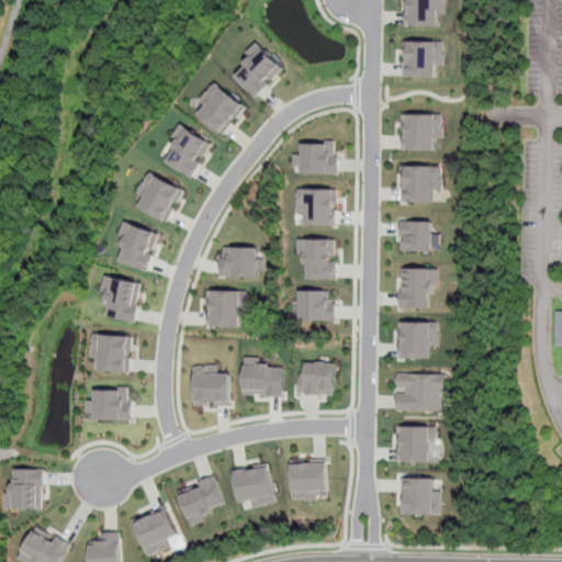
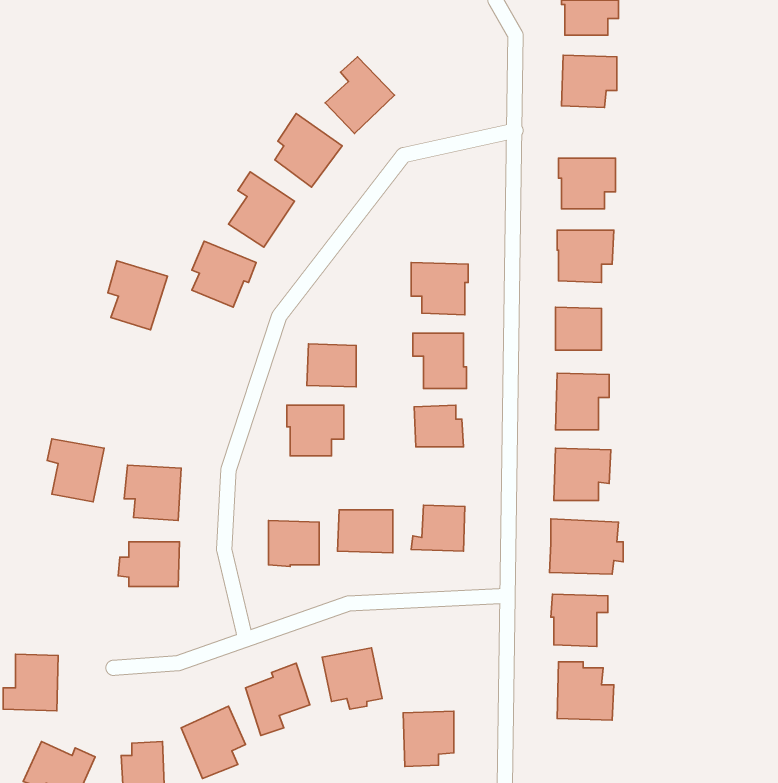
building: [291,142,334,173] -> none
building: [115,222,158,271] -> [108,261,168,330]
building: [100,277,140,322] -> [47,439,104,502]
building: [289,461,325,501] -> [403,711,454,767]

